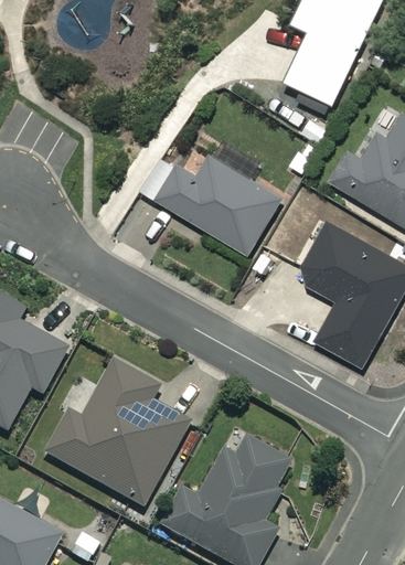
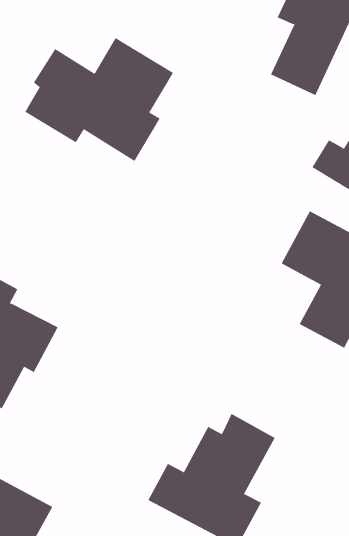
building: none -> [24,37,174,162]
building: [157,153,280,254] -> none
building: [46,363,189,504] -> none

